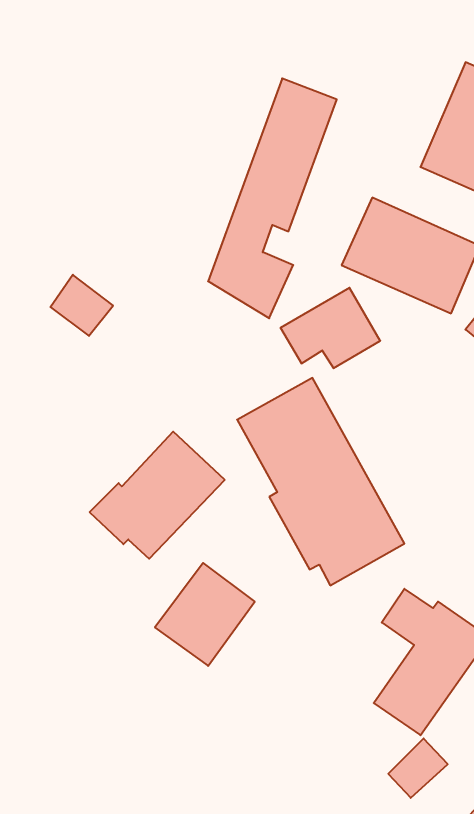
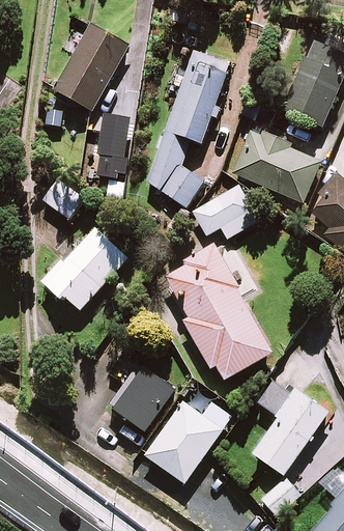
building: none -> [52,24,128,109]
building: none -> [93,117,127,205]
building: [90,432,225,559] -> [42,226,130,308]
building: none -> [146,400,223,481]

